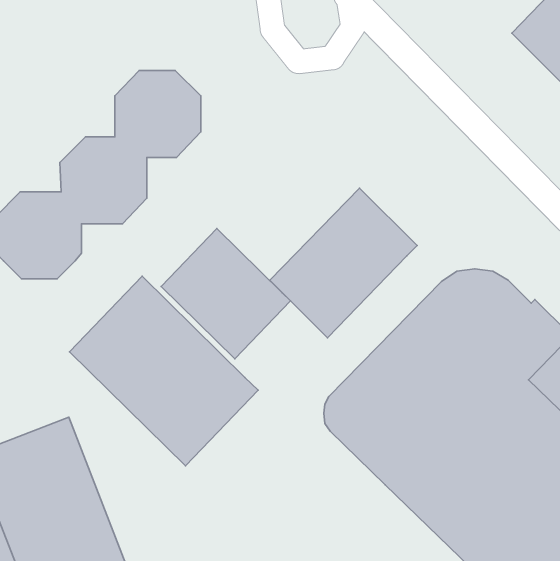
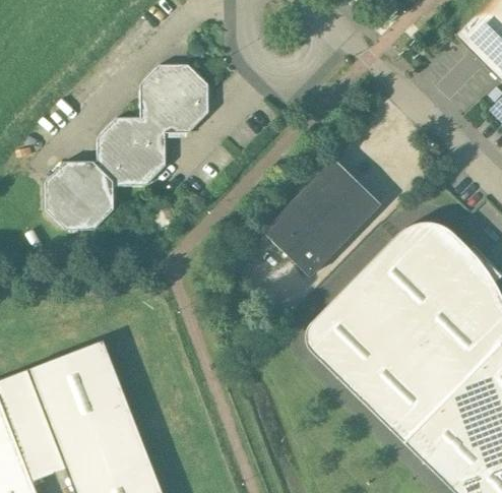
building: [161,229,290,359] -> none
building: [70,276,258,466] -> none

